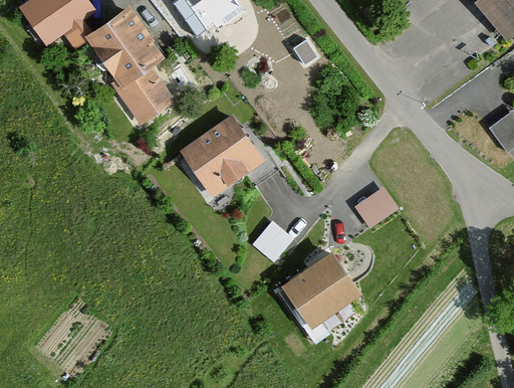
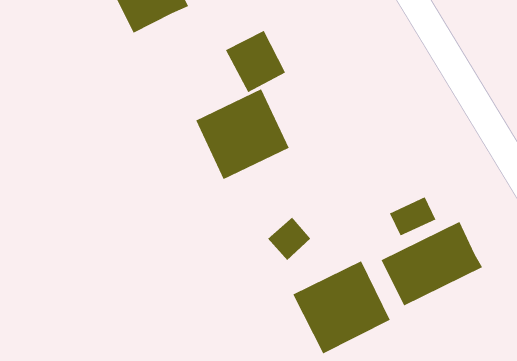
building: [119,66,173,121] -> [225,30,286,93]
building: none -> [381,221,483,306]

